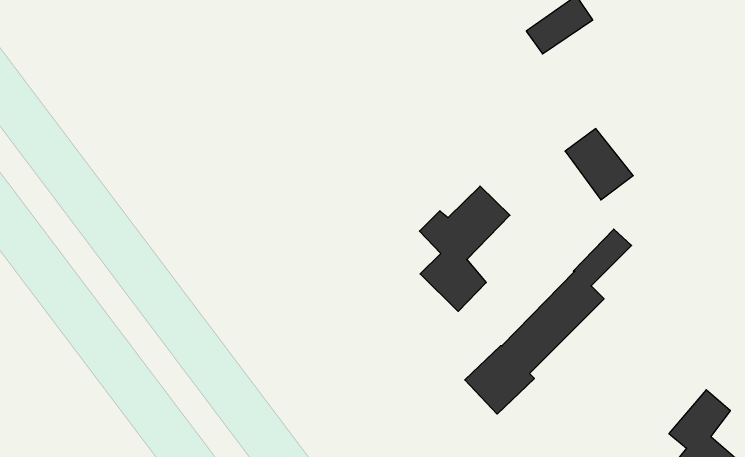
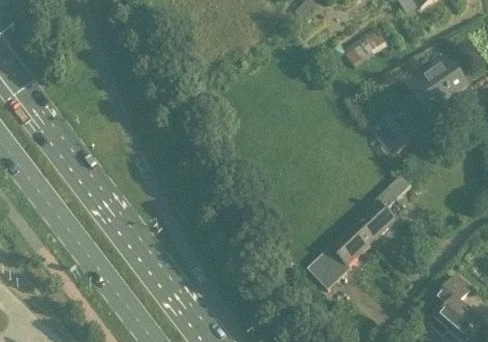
building: none -> [408,53,469,115]
building: [419,186,510,311] -> none

